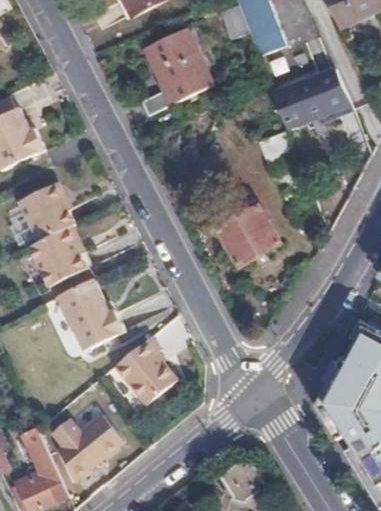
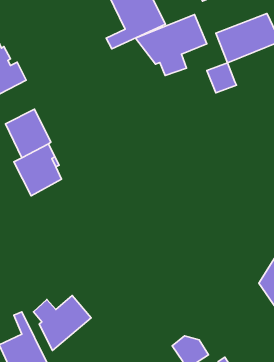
building: none -> [136,14,207,76]
building: [217,205,280,266] -> none
building: [58,281,125,353] -> none
building: [113,337,176,405] -> none

